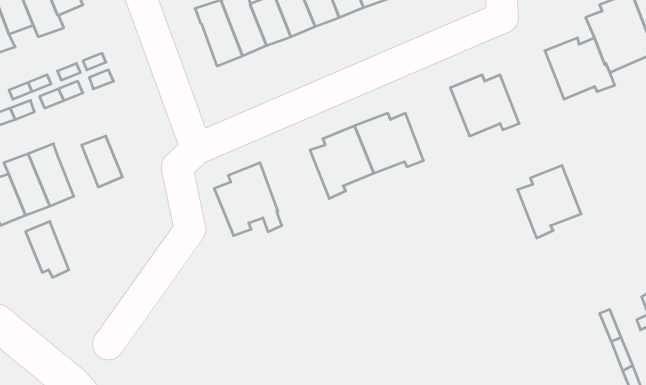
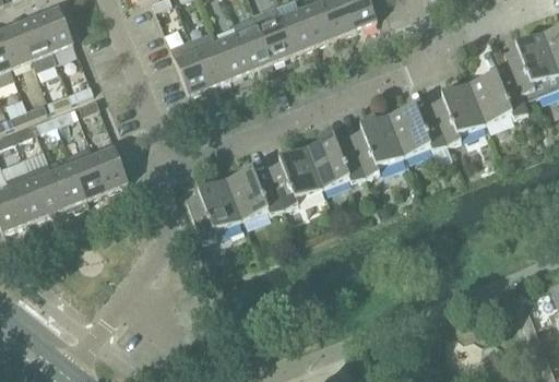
building: none -> [352,112,406,175]
building: none -> [95,145,131,189]
building: none -> [227,166,286,218]
building: [517,165,581,238] -> [432,81,487,143]
building: [26,221,69,277] -> [53,162,91,210]

